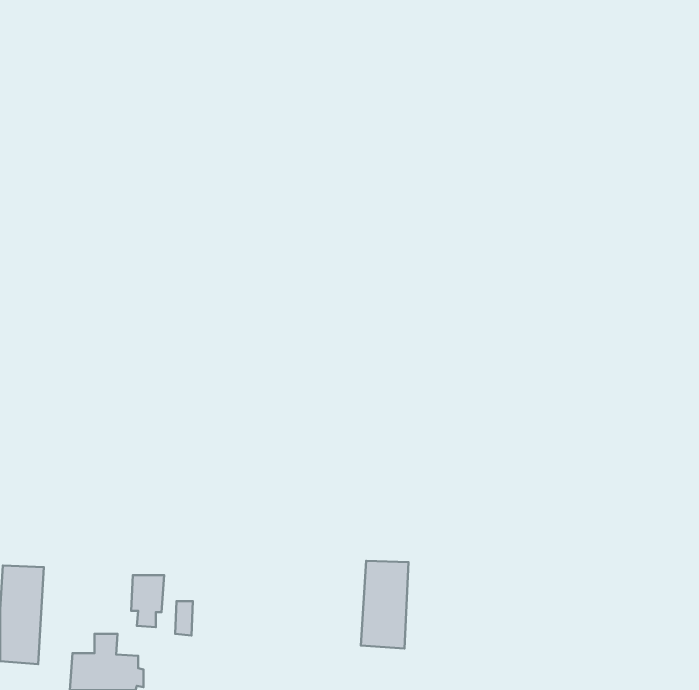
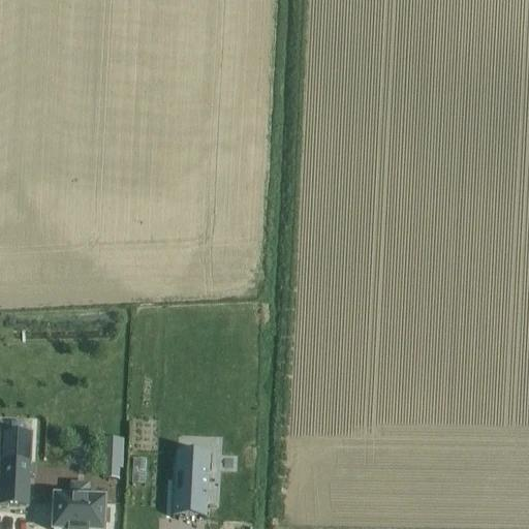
building: [361,561,409,648] -> [173,448,209,515]

